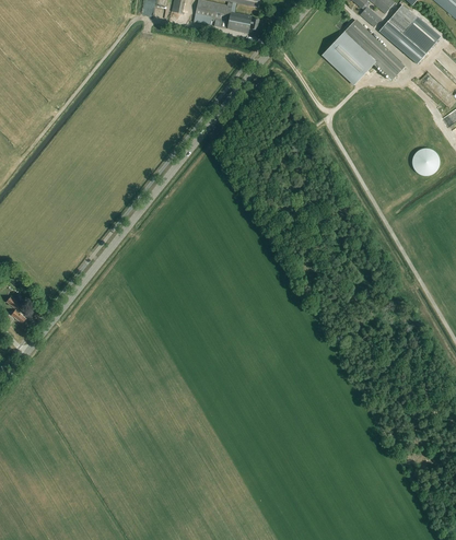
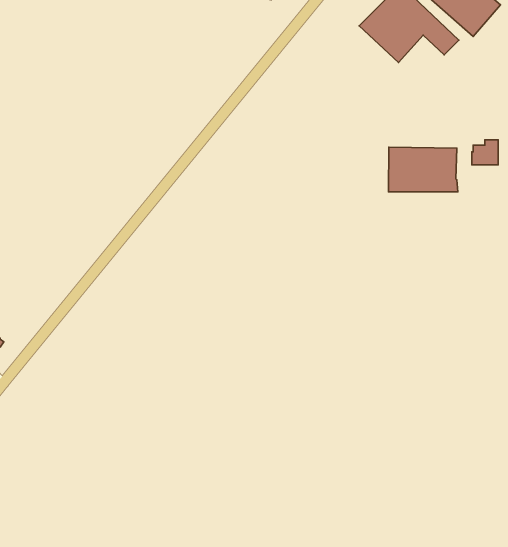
building: none -> [389,147,458,192]

